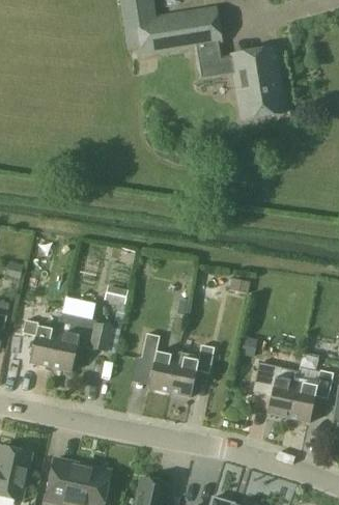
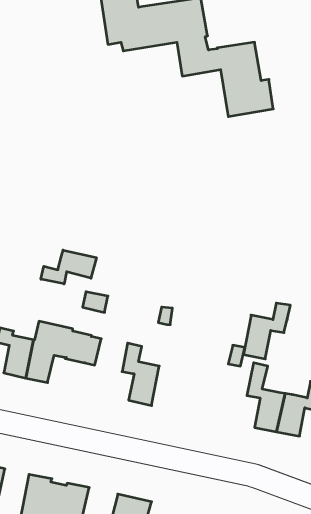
building: none -> [41,250,96,284]
building: [169,343,214,396] -> [243,303,290,359]

